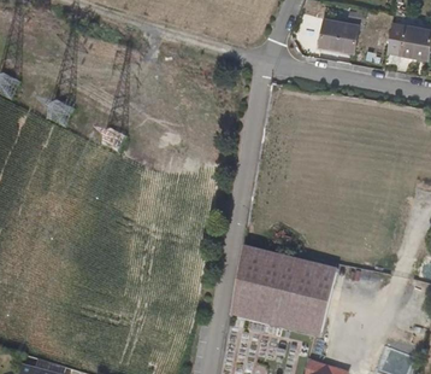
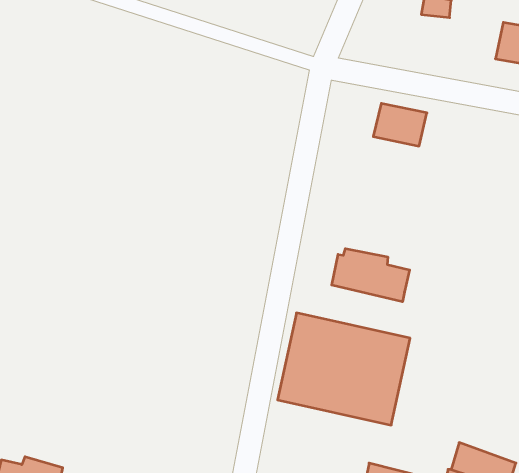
building: [318,21,359,53] -> [373,103,427,146]
building: none -> [332,249,410,302]

